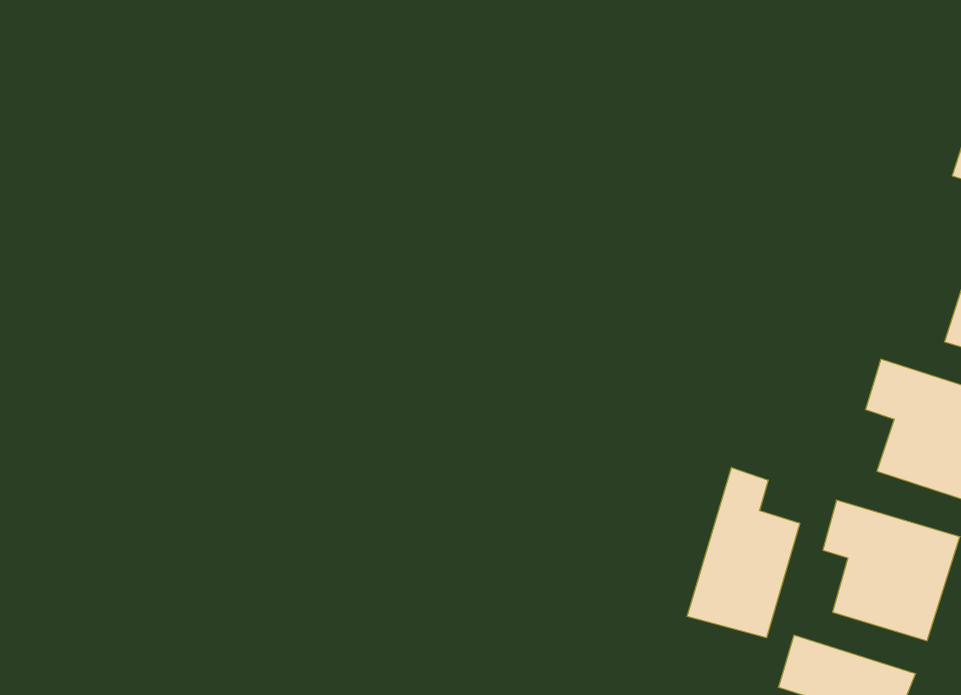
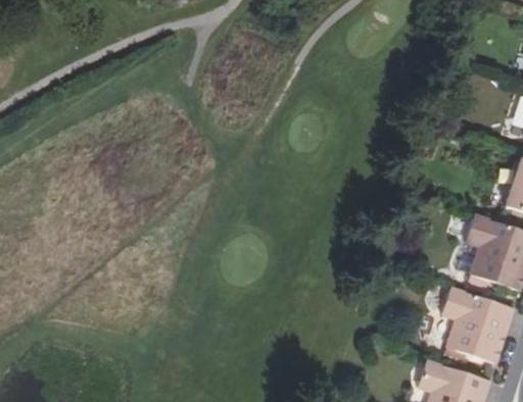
building: [687,467,800,638] -> none

